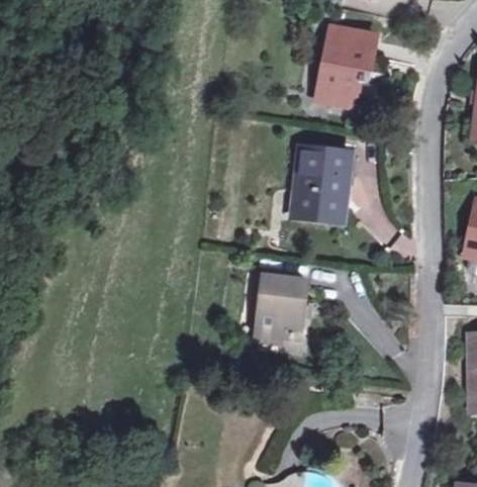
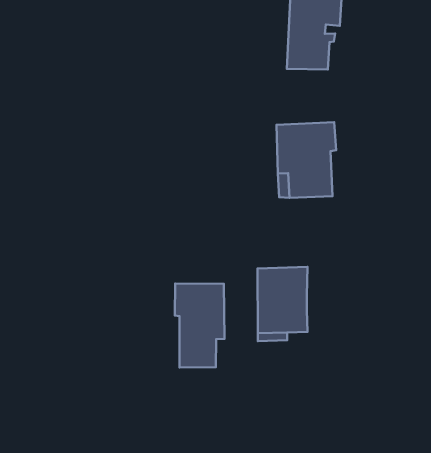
building: none -> [175,283,225,367]

